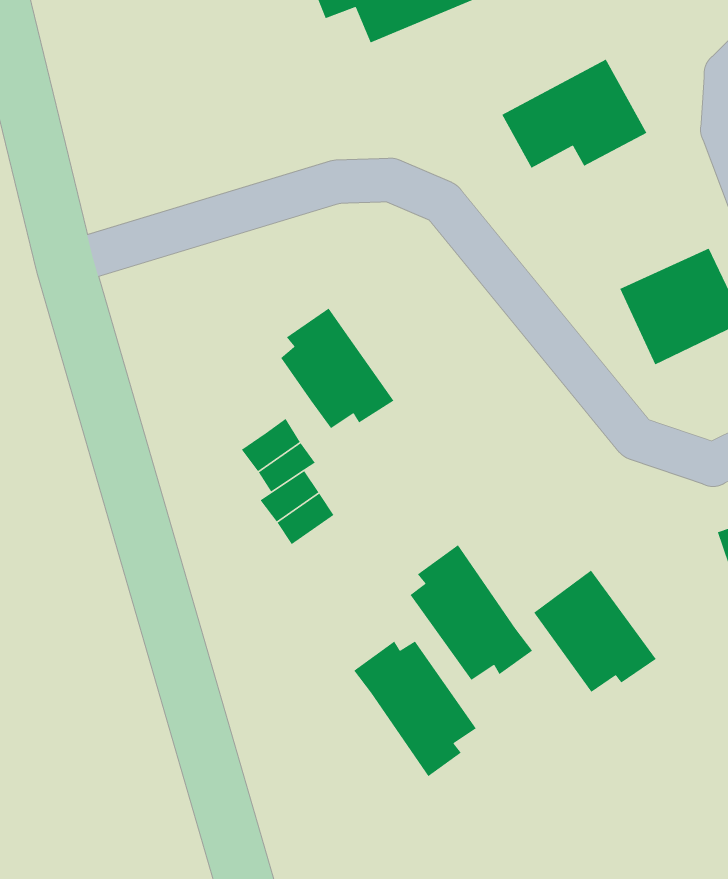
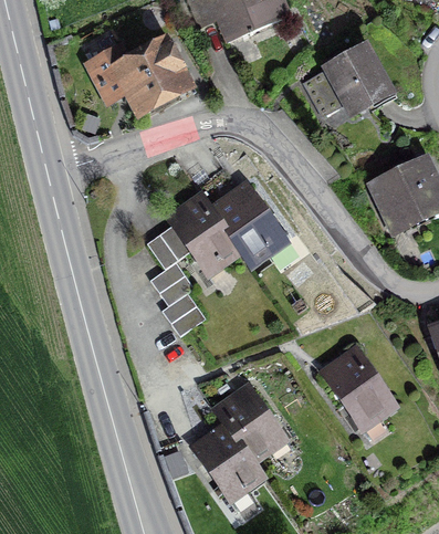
building: none -> [90,40,182,106]
building: none -> [211,189,280,263]
building: none -> [146,223,190,268]
building: [409,544,533,681] -> [197,421,270,502]

